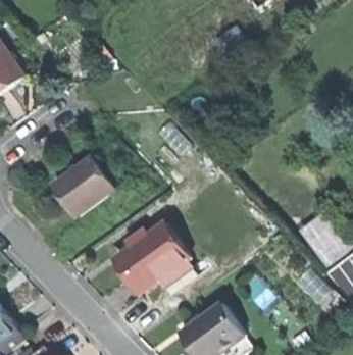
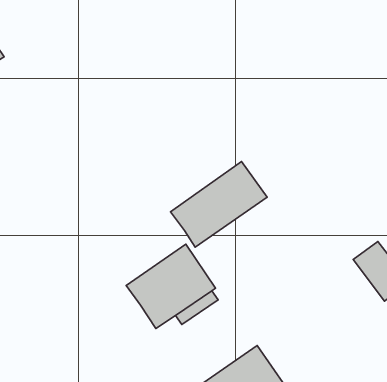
building: [53,156,113,214] -> none
building: none -> [171,162,267,247]

